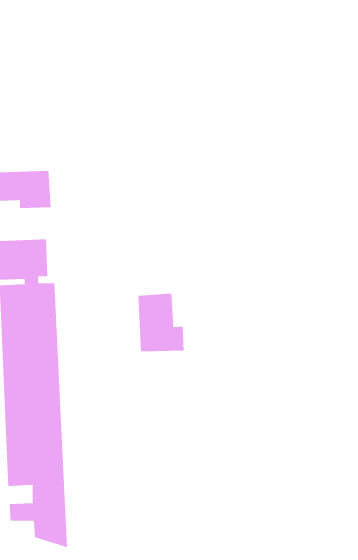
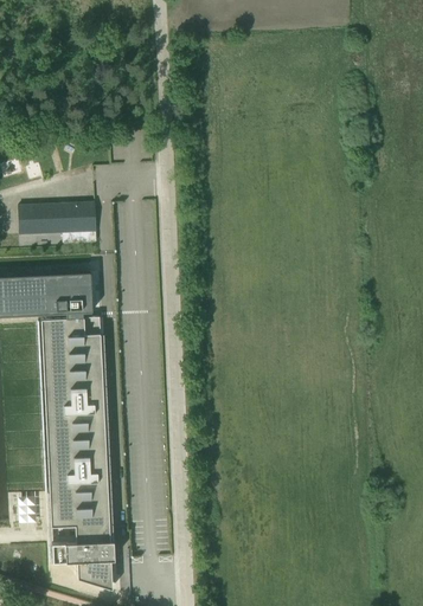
building: [138,293,184,352] -> none

